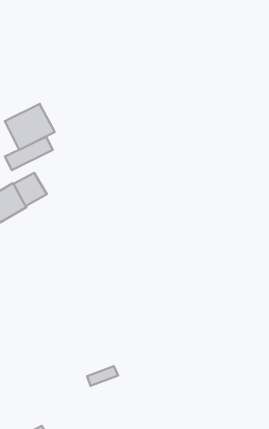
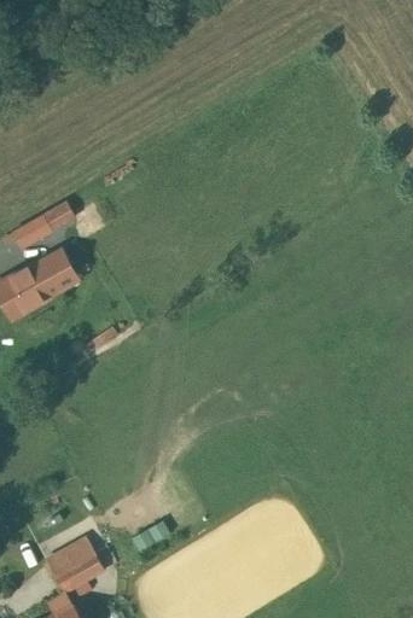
building: [5,104,54,150] -> none
building: none -> [48,542,103,591]

